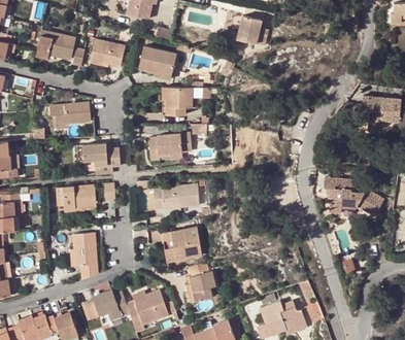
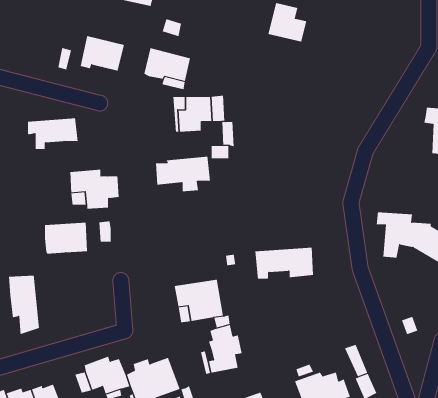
building: [35,31,76,60] -> none
building: [154,185,200,210] -> [254,247,314,279]
building: [73,234,98,280] -> [8,275,40,335]

